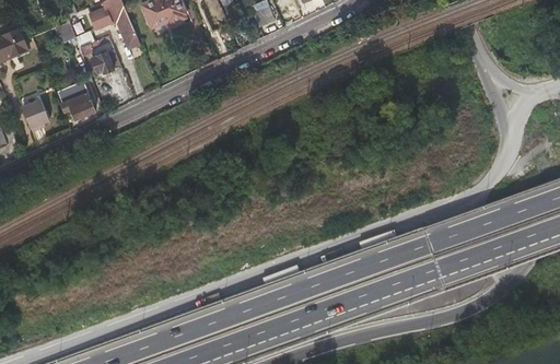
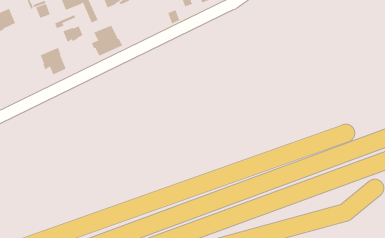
building: none -> [91,25,123,57]
building: [22,98,49,130] -> none

